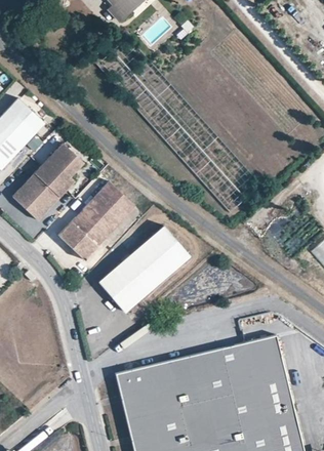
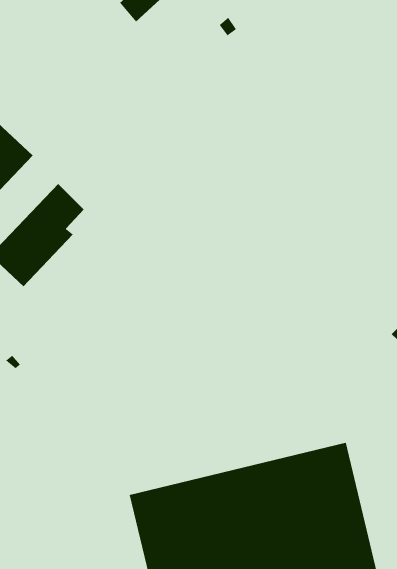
building: [57,181,135,260] -> none
building: [102,229,192,315] -> none

